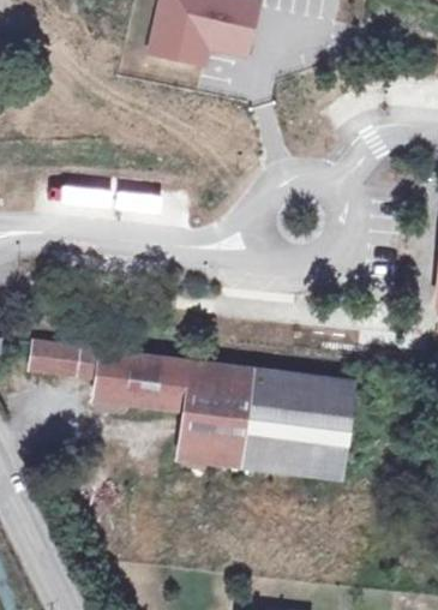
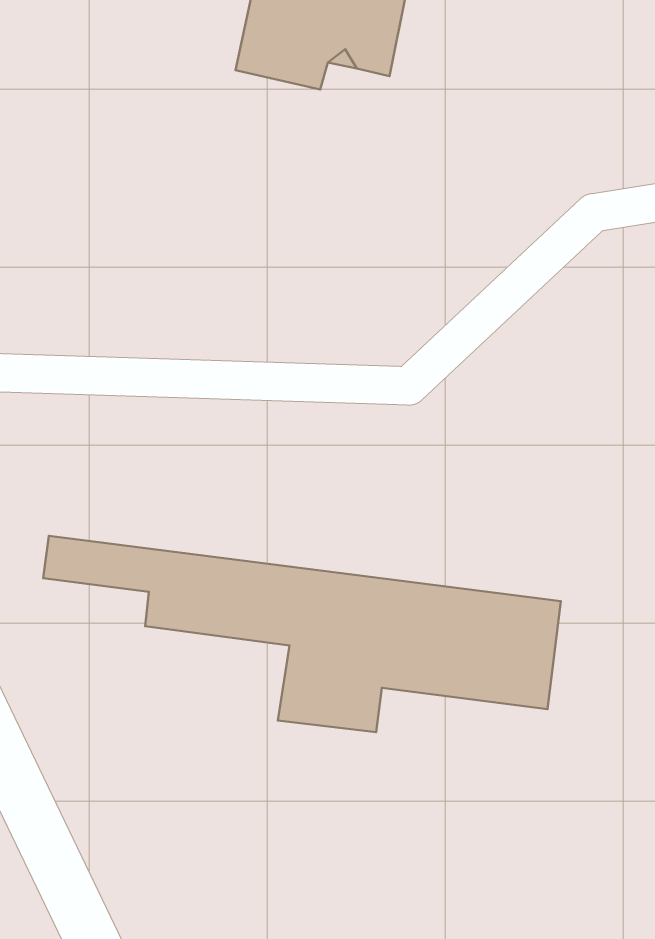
building: [239,437,346,478] -> none

